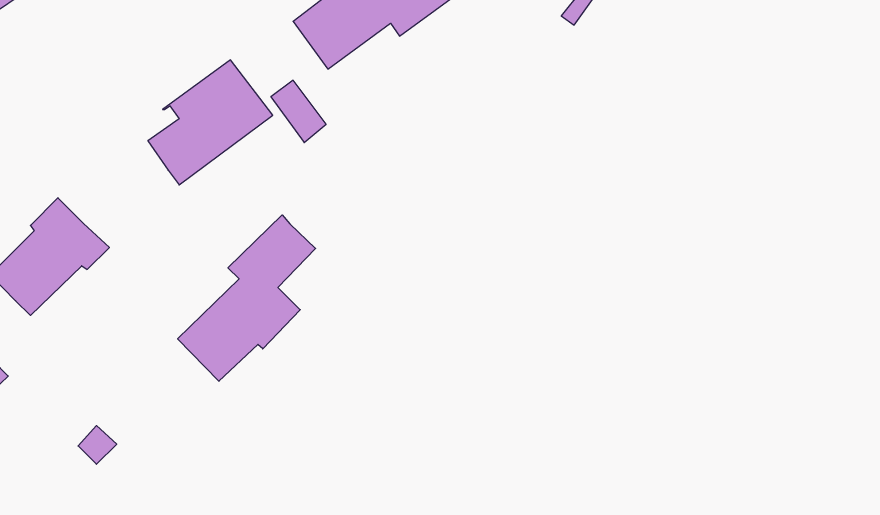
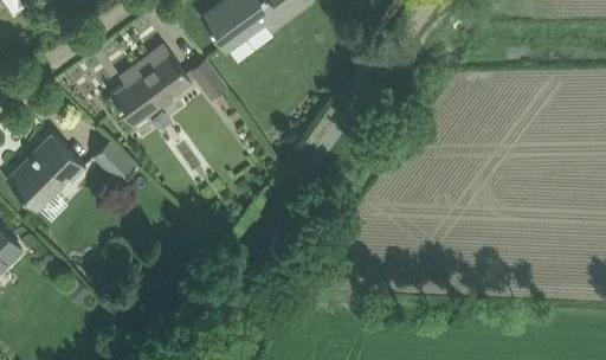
building: none -> [91,141,133,181]
building: [178,215,316,381] -> none

